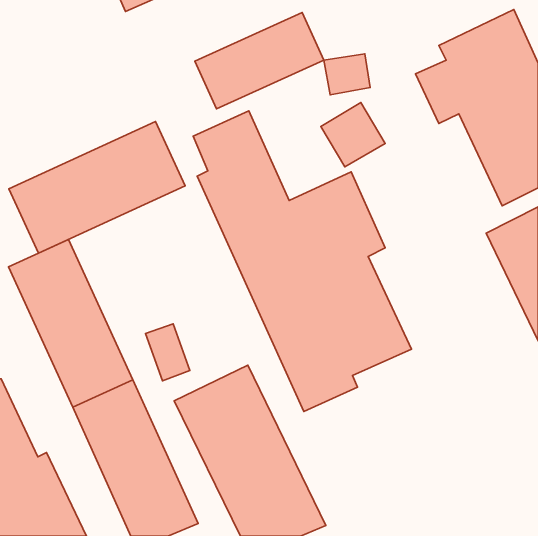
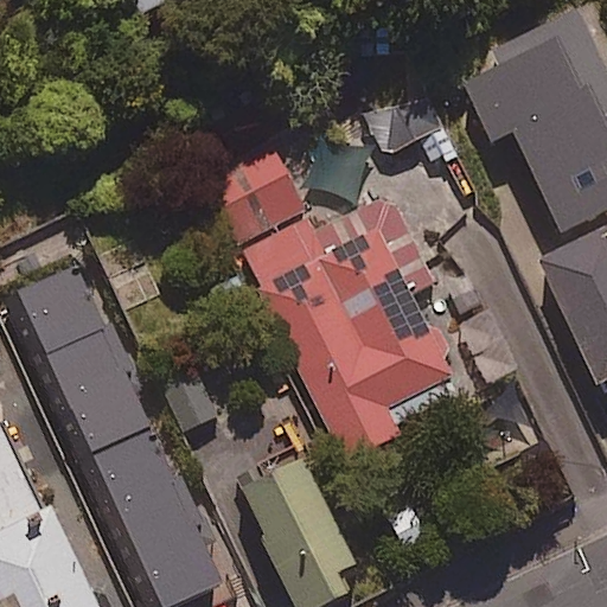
building: [195,12,324,109] -> none
building: [9,121,185,253] -> none

